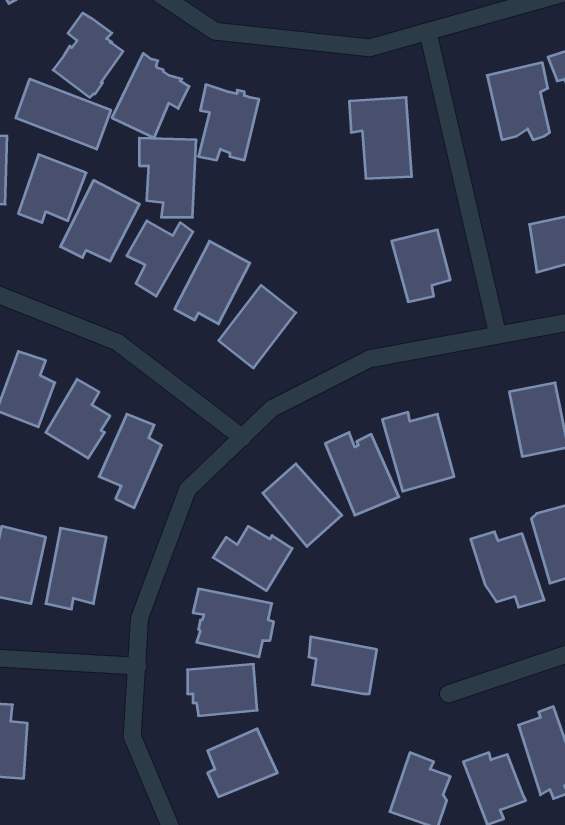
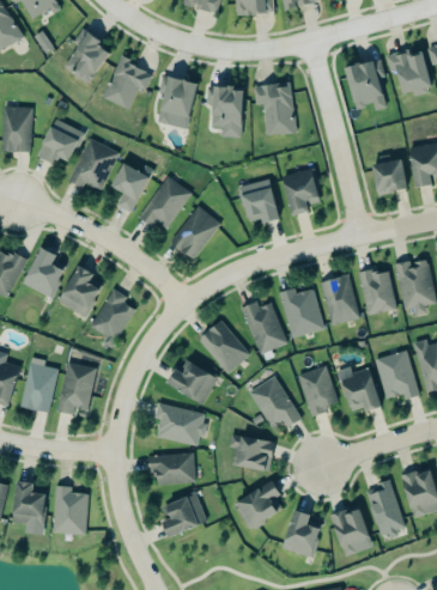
building: [16,79,111,149] -> none
building: [139,138,196,217] -> [207,86,244,138]
building: none -> [237,178,279,223]
building: none -> [322,275,359,326]
building: none -> [297,365,336,416]
building: none -> [247,375,301,428]
building: none -> [235,482,284,530]
building: none -> [54,486,89,535]

